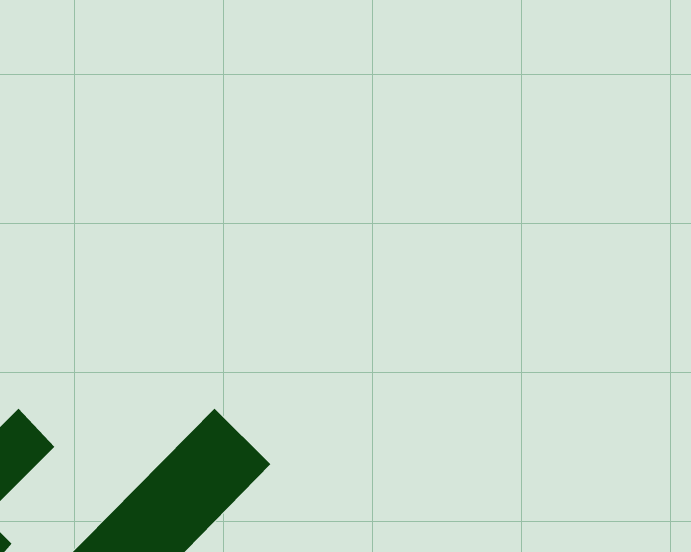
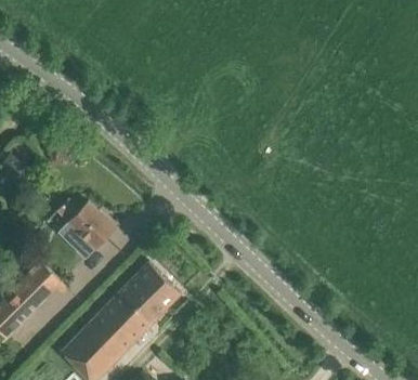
building: none -> [56,201,115,260]

